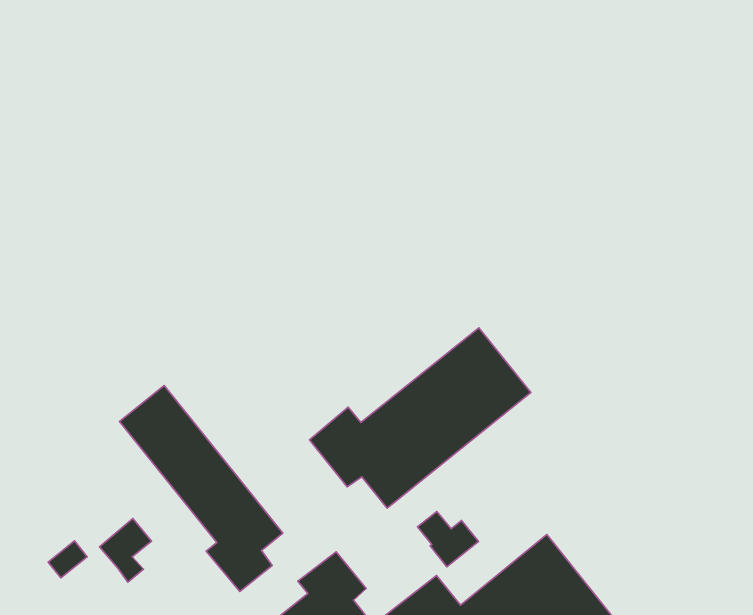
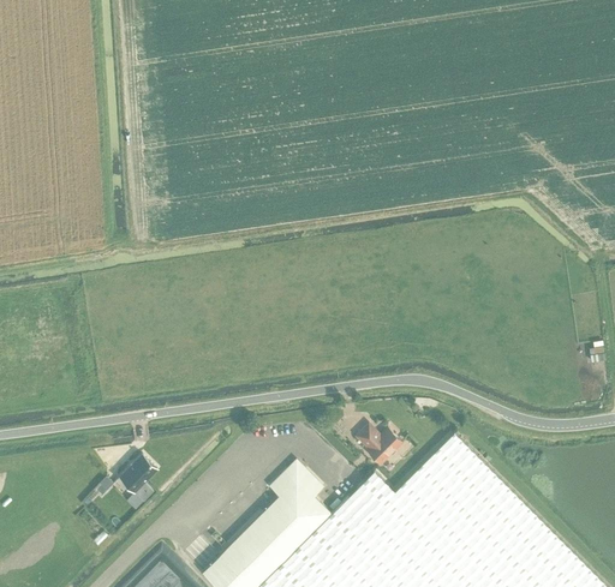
building: [310,328,531,508] -> none
building: [119,386,283,591] -> none

